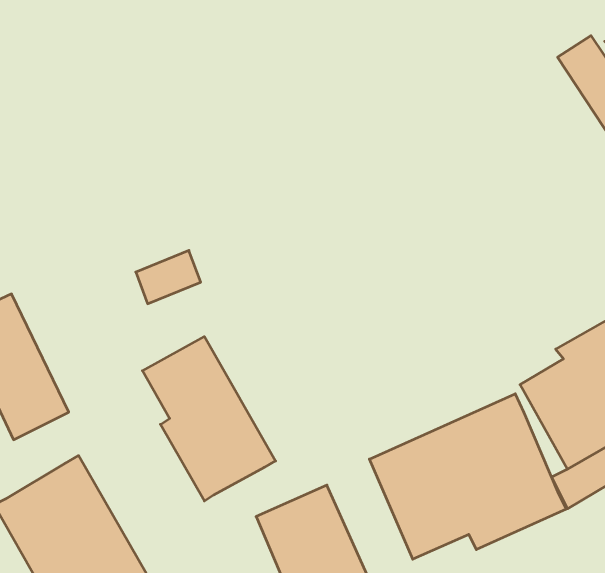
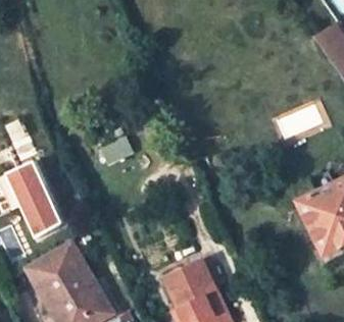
building: [142,337,276,501] -> none
building: [369,394,566,559] -> none

